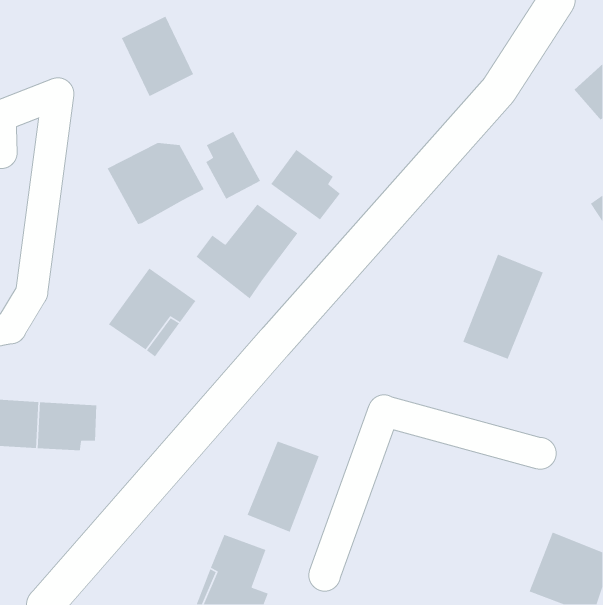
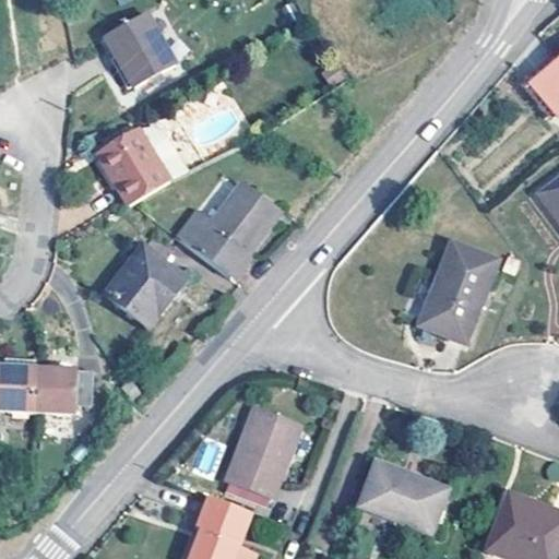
building: [205,131,261,200] -> none
building: [270,149,341,220] -> none
building: none -> [357,457,445,528]

